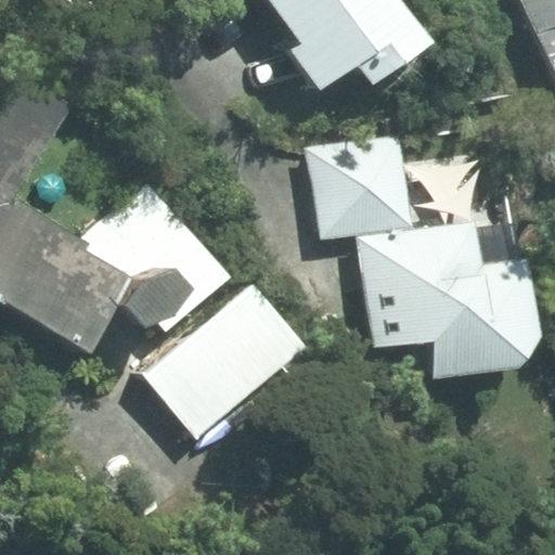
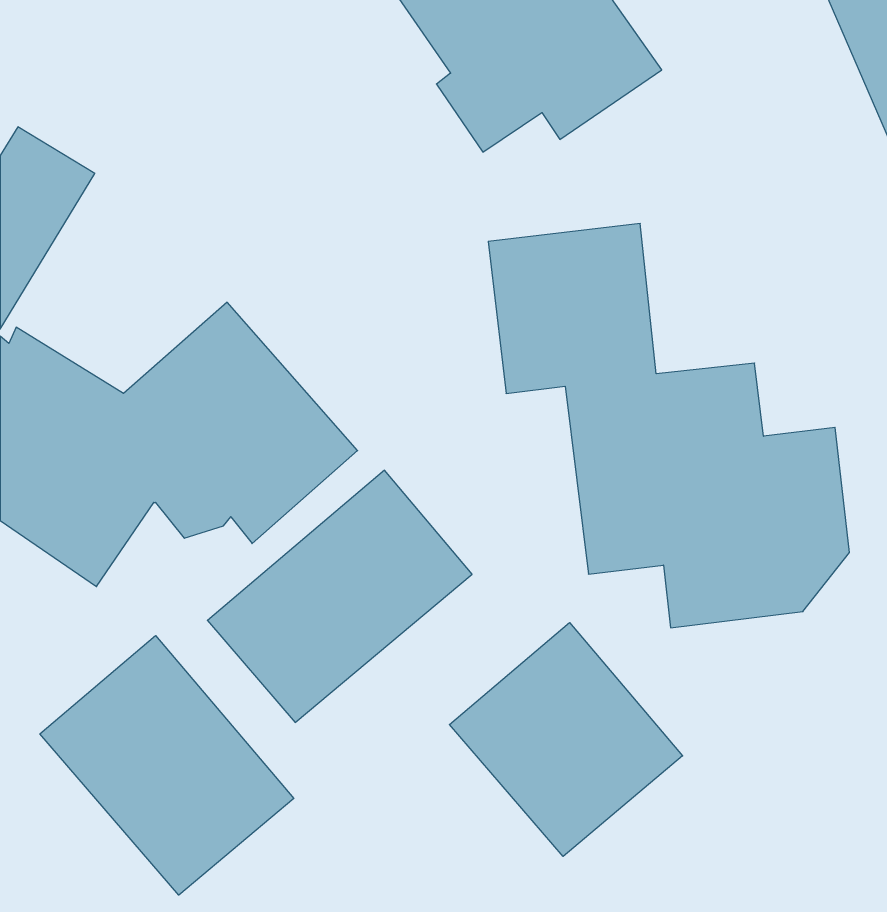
building: none -> [449,623,683,856]
building: none -> [40,636,294,895]

